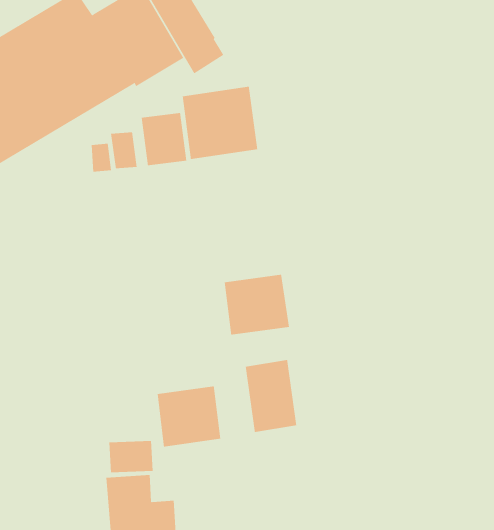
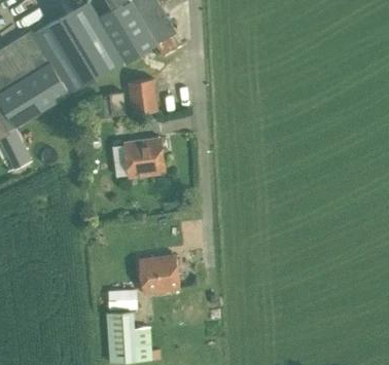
building: [182,86,258,160] -> none
building: [224,274,290,335] -> [122,138,165,177]
building: [245,359,297,433] -> none

